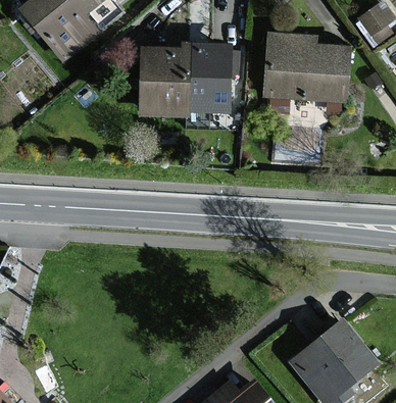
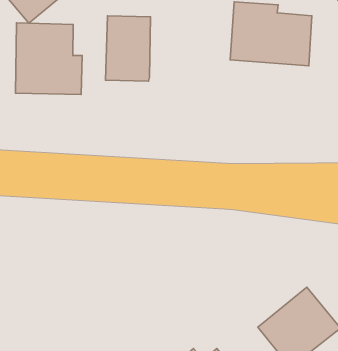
building: [184,46,228,113] -> none
building: none -> [15,23,82,95]

